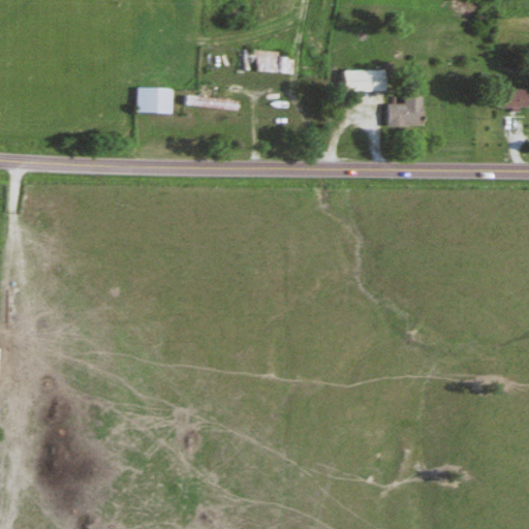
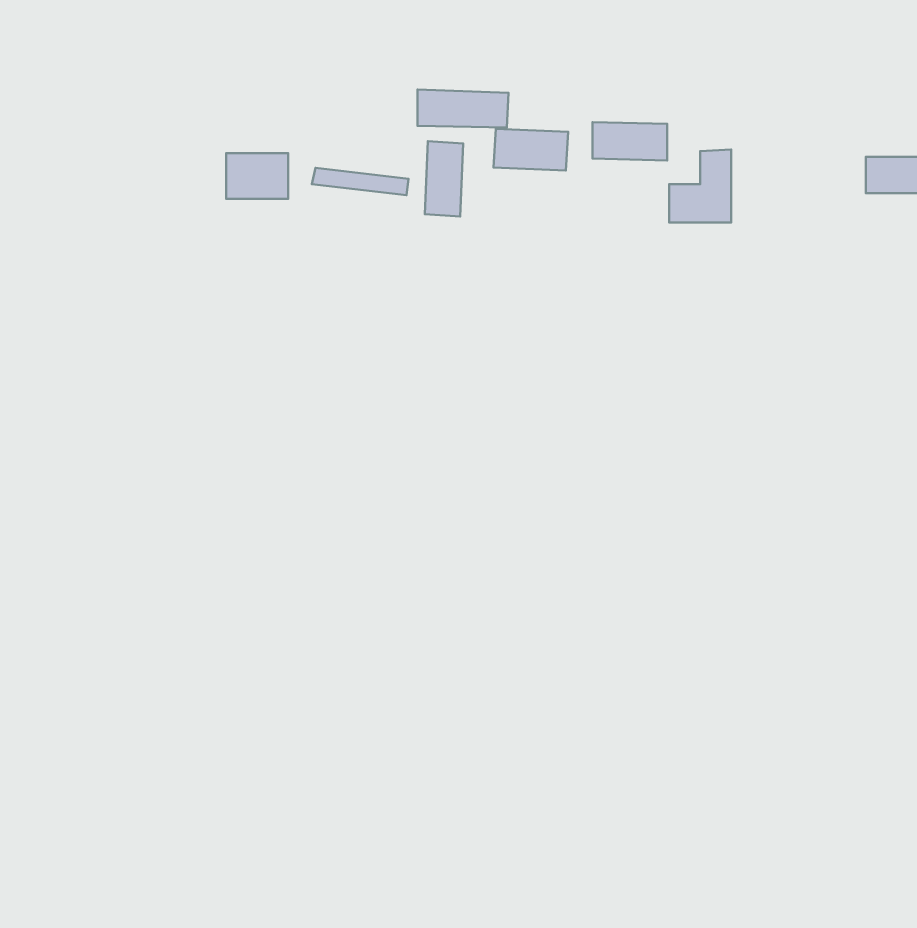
building: none -> [493,129,568,170]
building: none -> [425,141,463,217]

